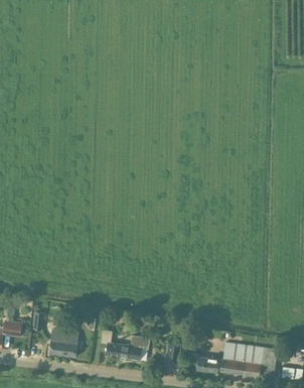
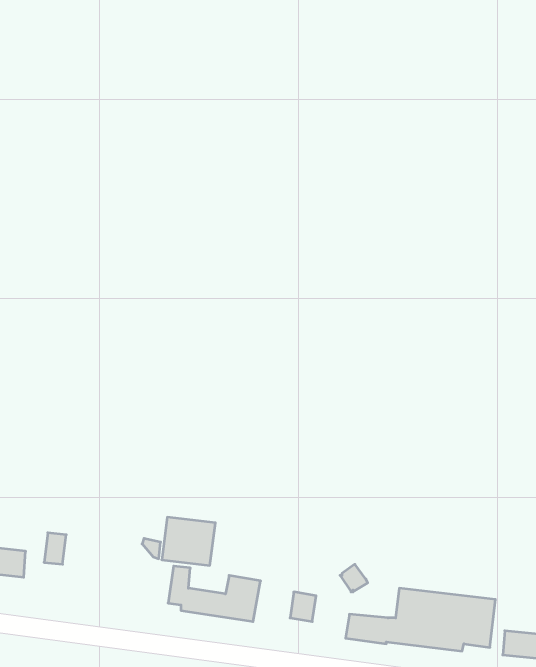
building: [49,331,79,357] -> [162,517,215,565]

